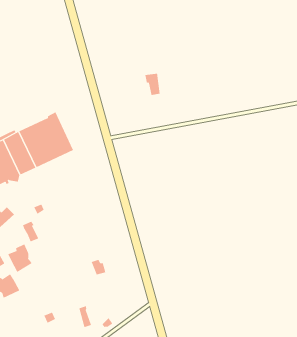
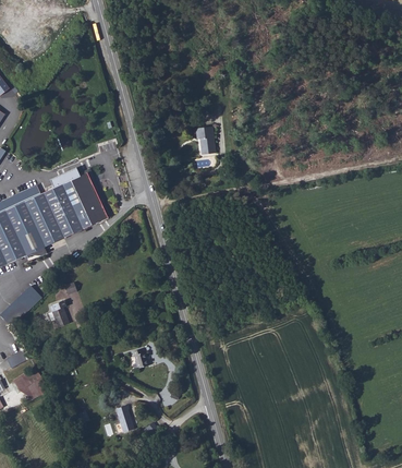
building: [8,244,32,273] -> none

